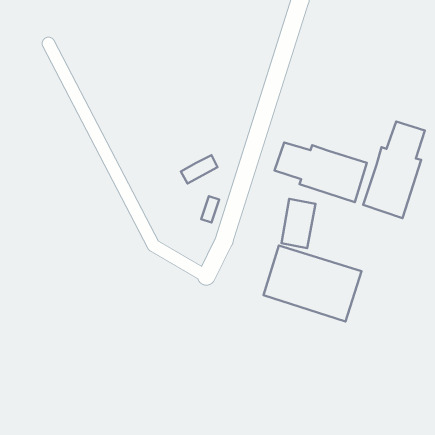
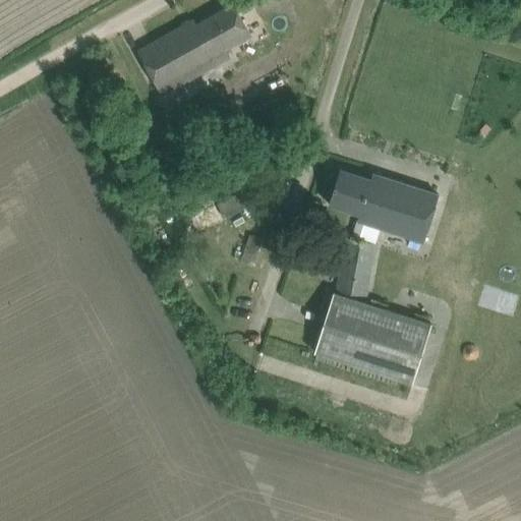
building: none -> [138,6,249,96]
building: [363,122,425,218] -> none

